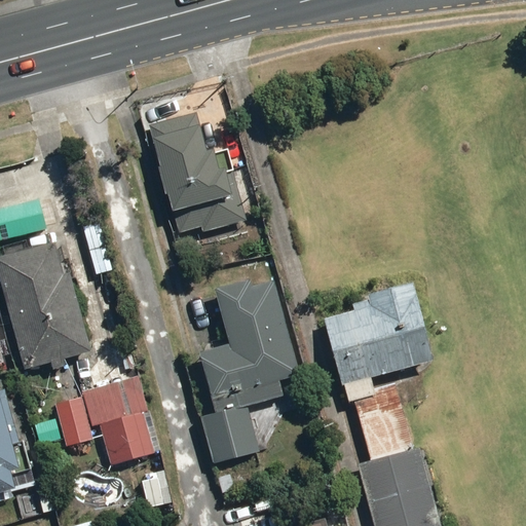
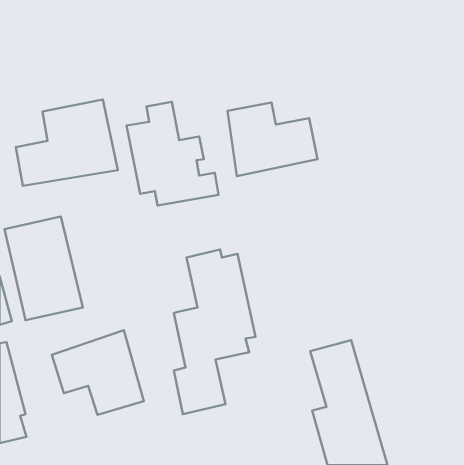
building: none -> [16,99,118,186]
building: none -> [228,103,317,176]
building: [324,286,430,385] -> none

